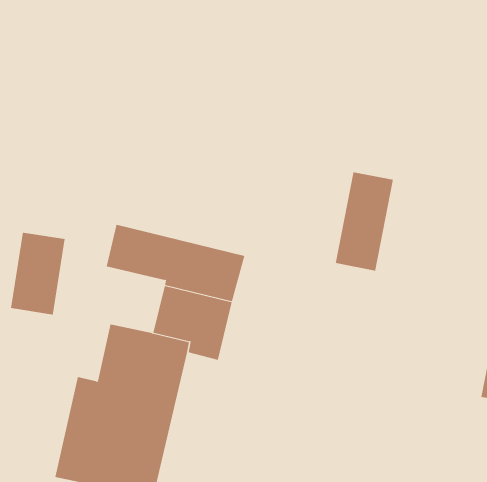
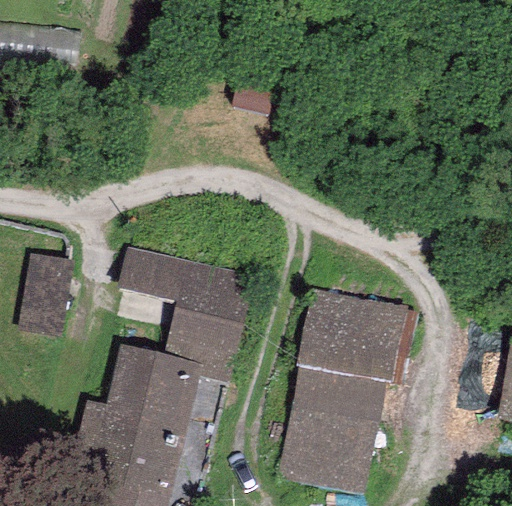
building: [335,171,394,271] -> none
building: none -> [279,287,409,494]

